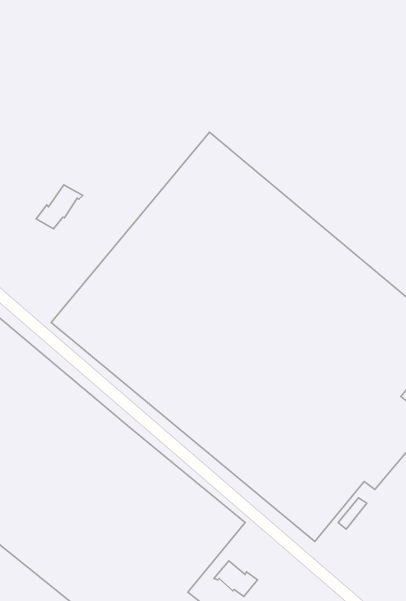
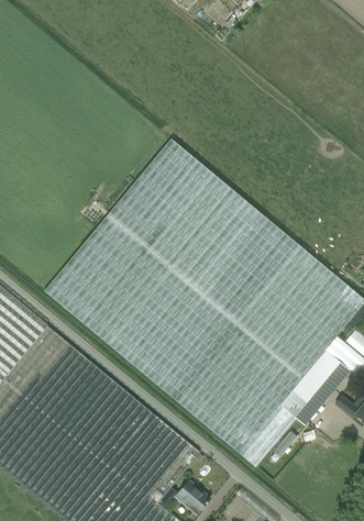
building: [36,185,83,229] -> none

